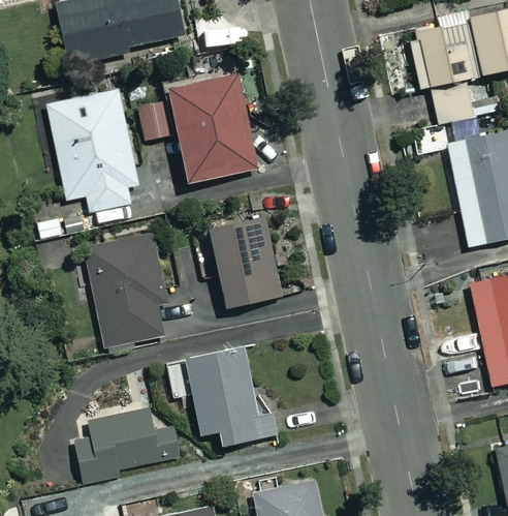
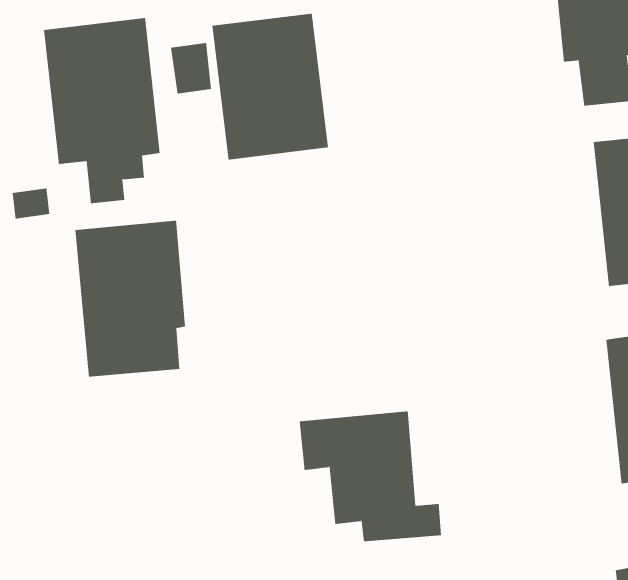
building: [210,218,283,308] -> none
building: [167,348,278,446] -> [299,411,442,542]
building: [74,407,180,481] -> none

